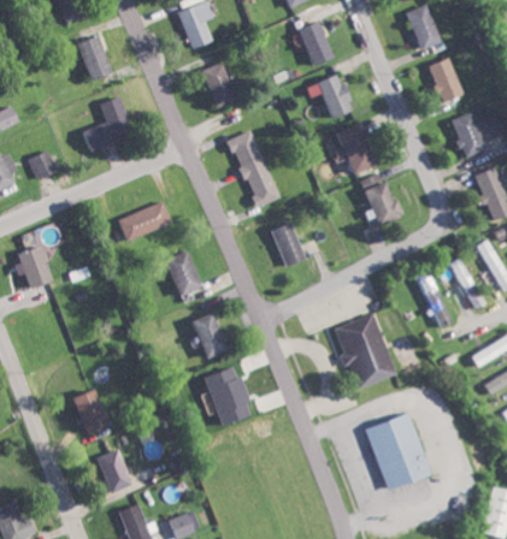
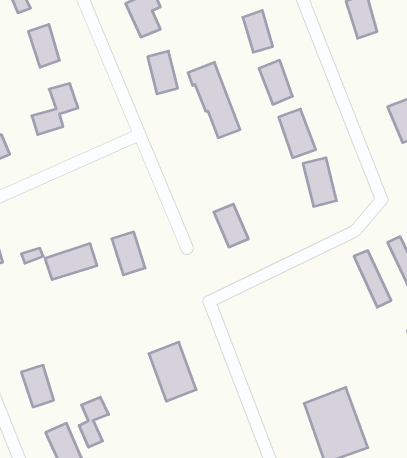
building: [429,58,462,101] -> none
building: [226,129,281,207] -> [188,62,240,138]
building: [117,202,171,239] -> [45,244,97,280]
building: [190,312,228,360] -> none
building: [332,313,395,389] -> none
building: none -> [79,397,109,447]

